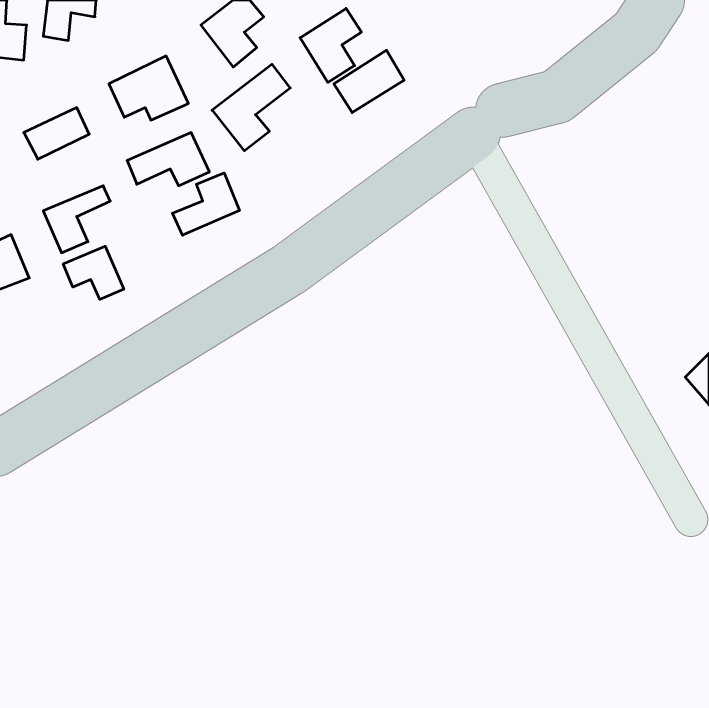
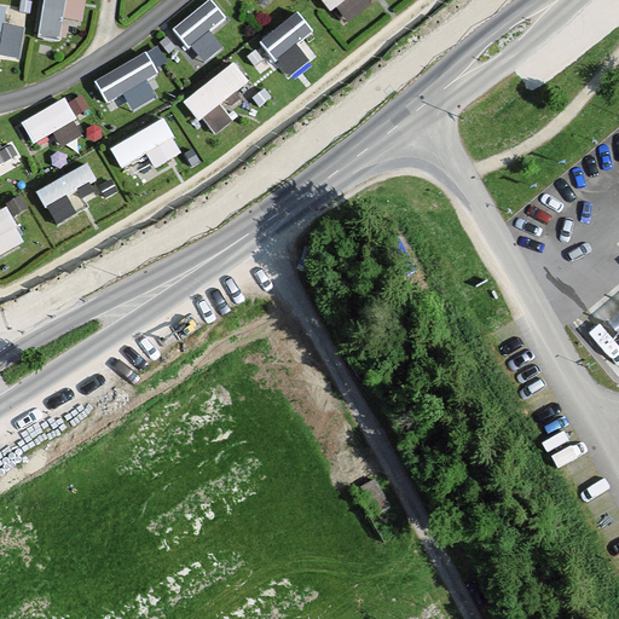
building: [334,50,404,113] -> none
building: [172,173,239,235] -> none
building: [63,246,124,299] -> none

